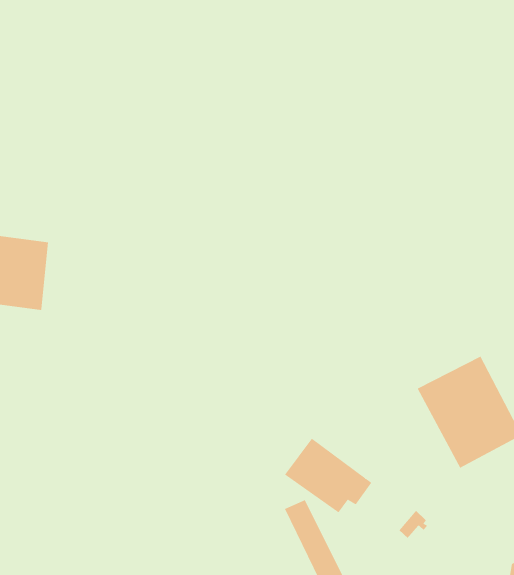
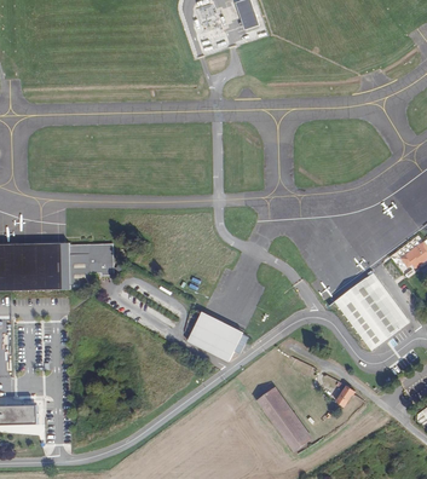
building: none -> [69,243,114,288]
building: [284,438,372,513] -> [187,311,248,359]

